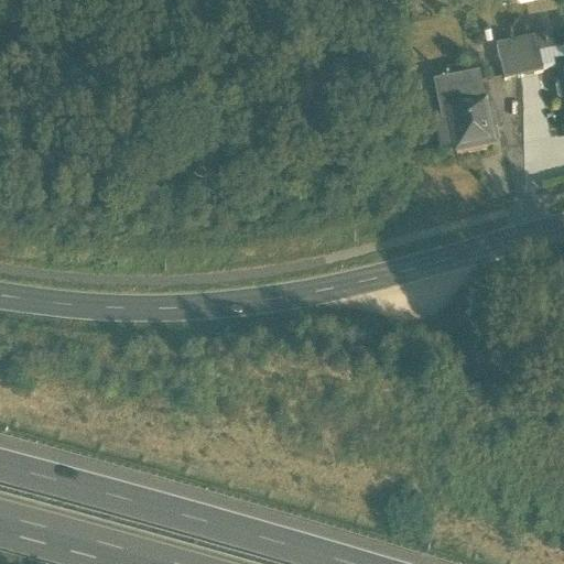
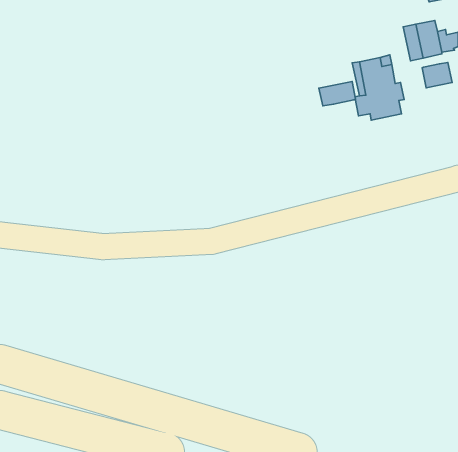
building: none -> [422,63,452,88]
building: none -> [319,81,355,106]

